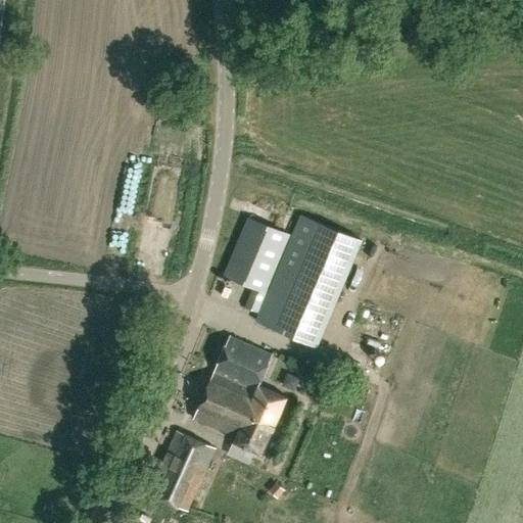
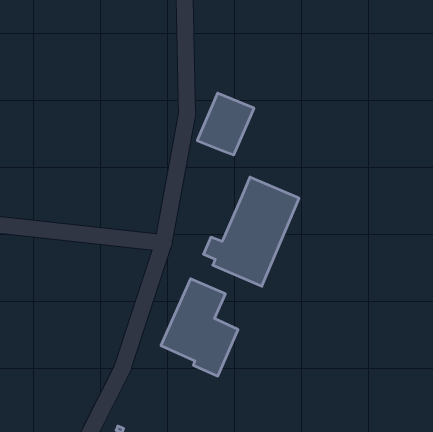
building: [224,218,292,292] -> [197,93,254,155]
building: [149,431,216,511] -> none

